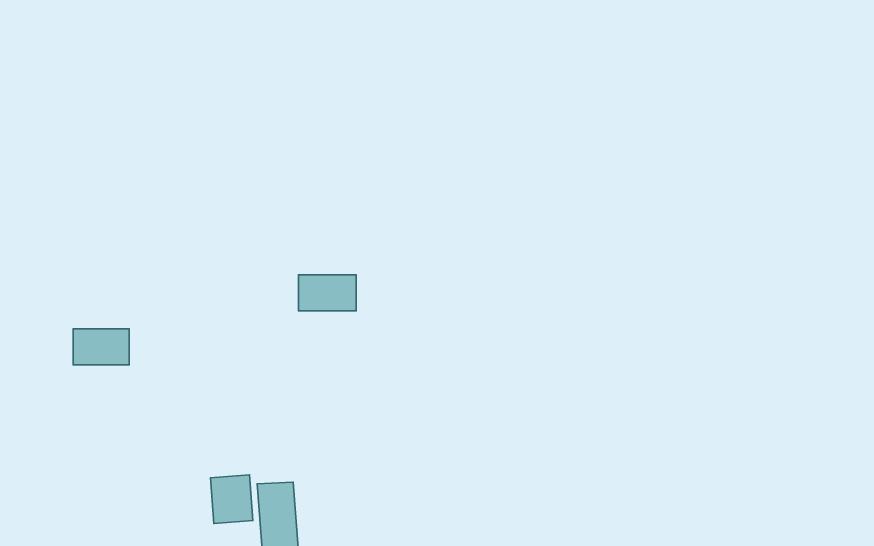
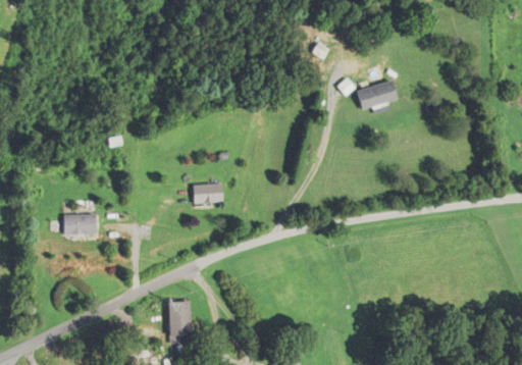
building: none -> [359,81,399,110]
building: [210,475,253,524] -> none

